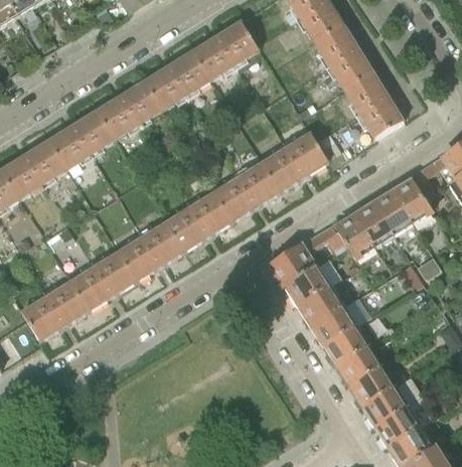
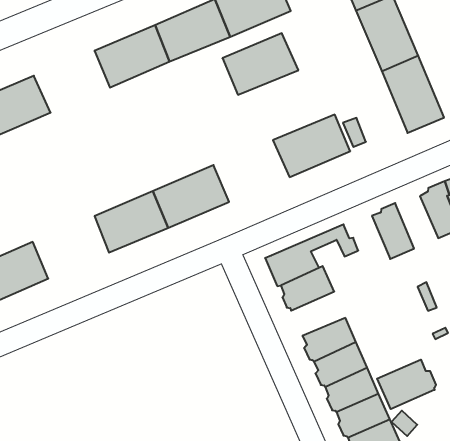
building: [47,111,114,169] -> none
building: [212,163,279,221] -> [222,33,298,95]
building: [372,191,414,237] -> none
building: [331,214,375,261] -> none
building: [68,252,135,311] -> none
building: [298,284,345,326] -> none
building: none -> [377,360,436,409]

